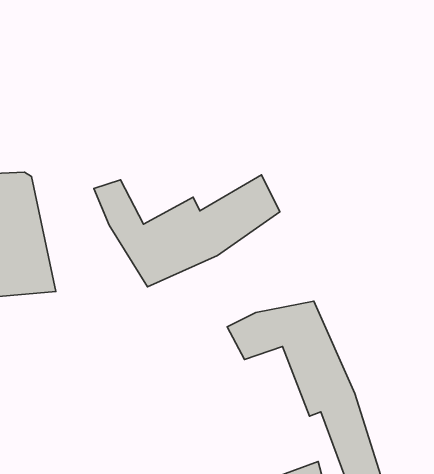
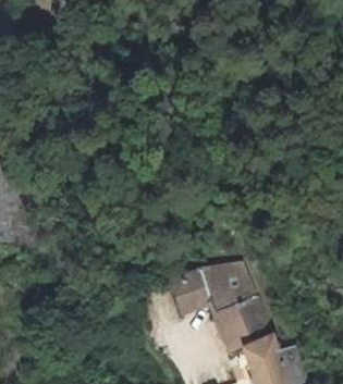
building: [94,175,280,287] -> none

